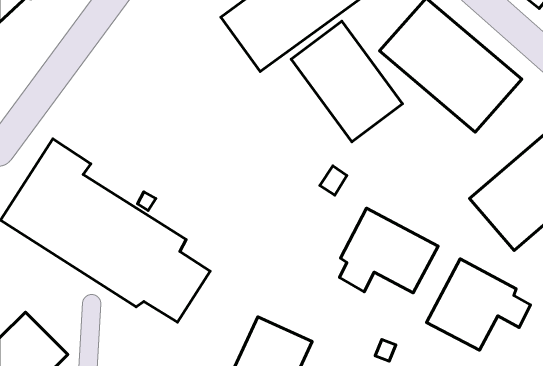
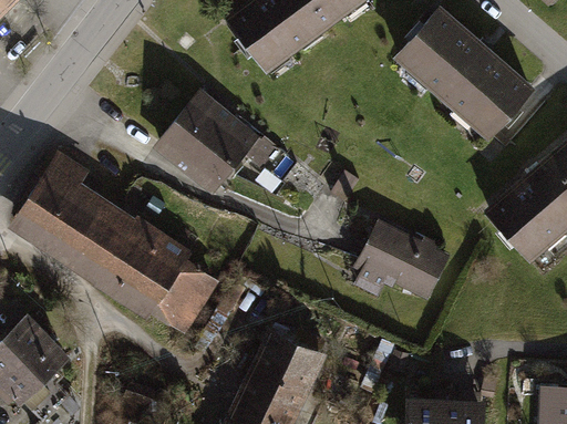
building: [291,21,403,142] -> none
building: none -> [152,89,277,197]
building: [427,259,530,350] -> none

